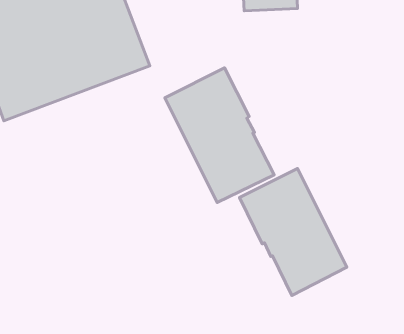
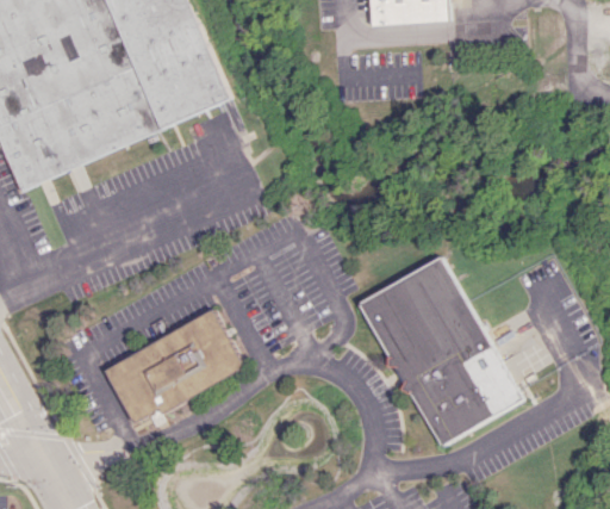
building: [165,68,274,203] -> none
building: none -> [102,311,244,423]

